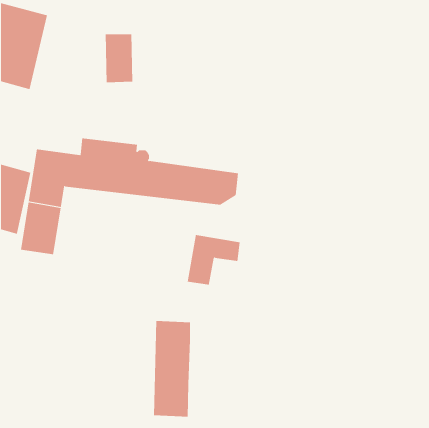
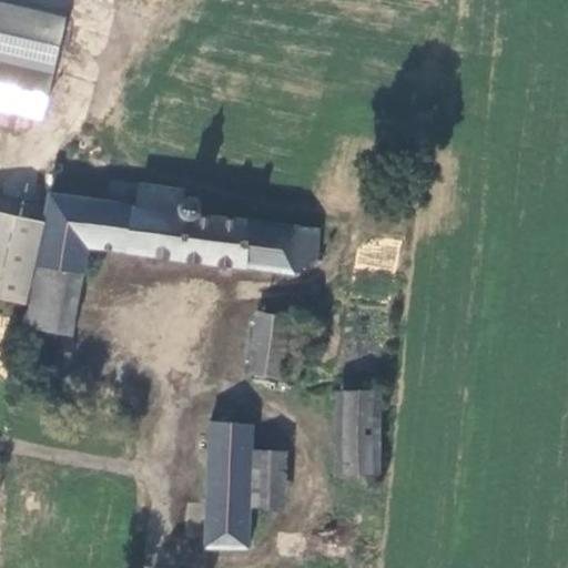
building: [105,33,133,83] -> none
building: none -> [334,390,382,477]
building: none -> [251,448,284,507]

